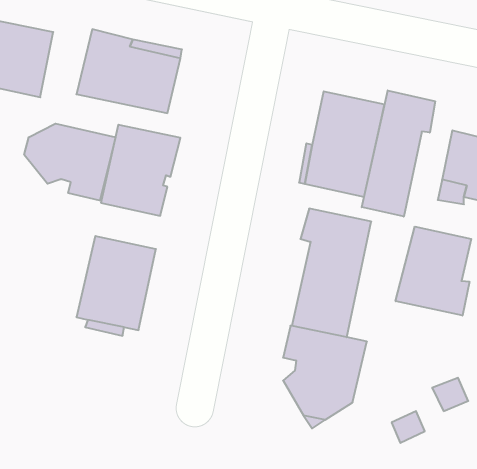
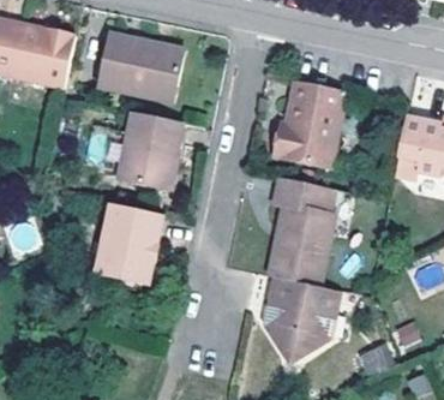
building: [362,90,435,217] -> none
building: [24,124,116,200] -> none
building: [396,227,471,316] -> none

